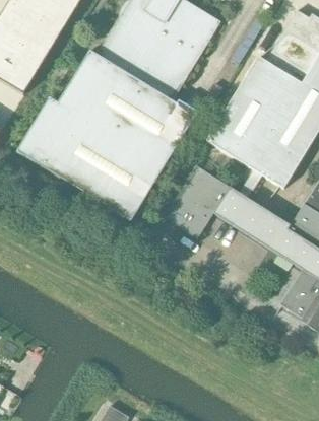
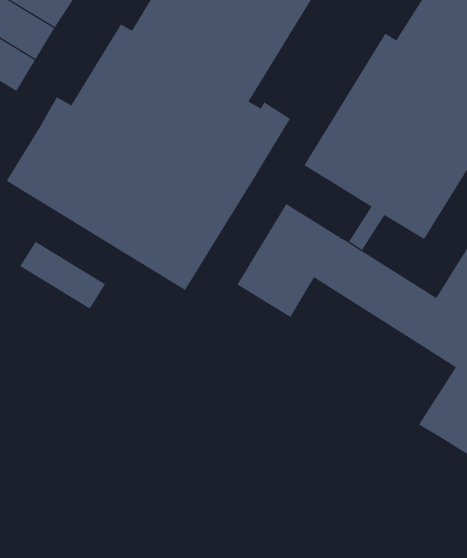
building: none -> [20,241,106,309]

